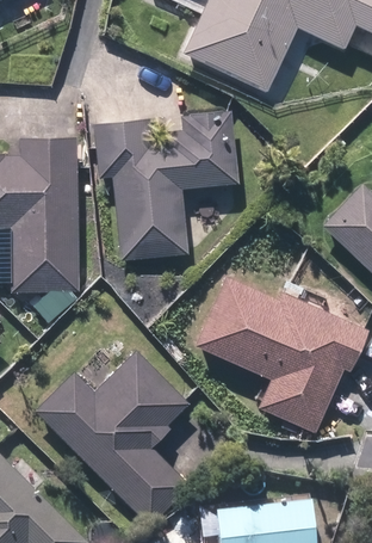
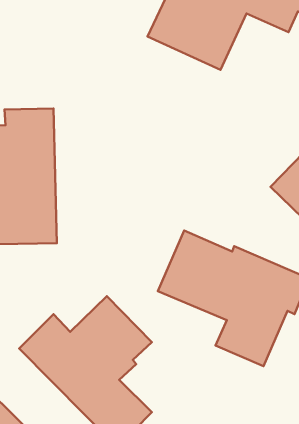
building: [95,112,237,260] -> none

